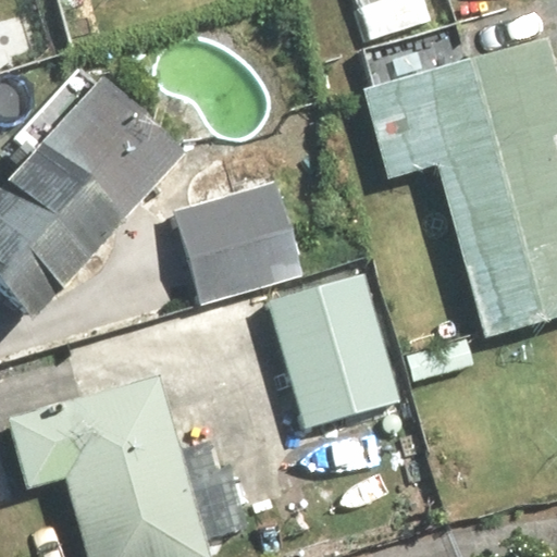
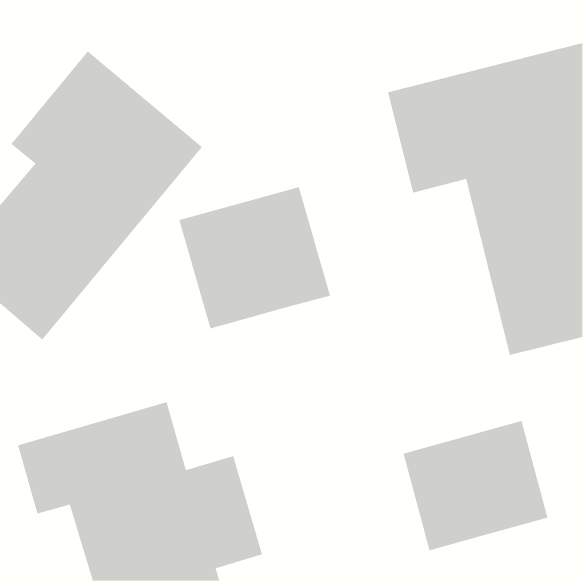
building: [264,263,407,433] -> none
building: none -> [403,420,548,551]

